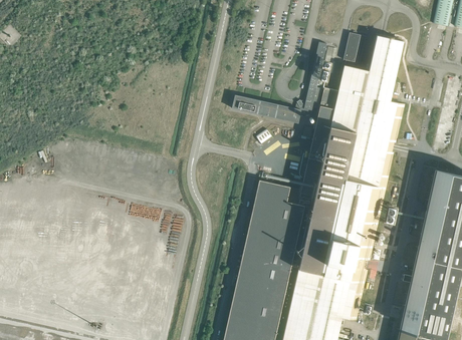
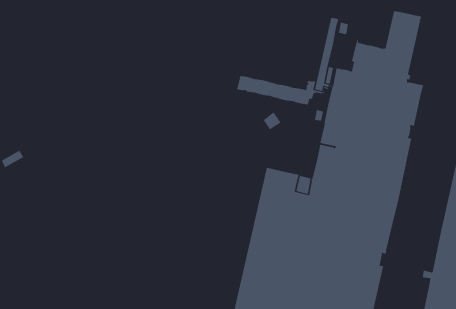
building: [343,32,366,67] -> none

